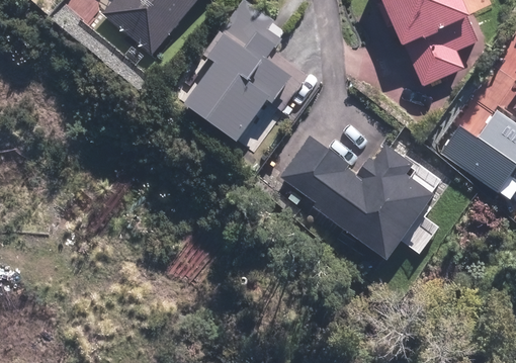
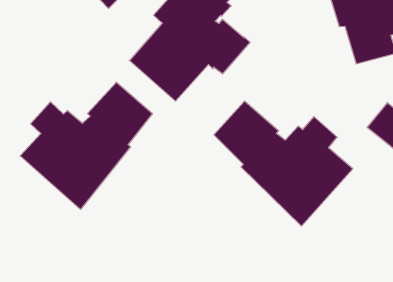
building: none -> [20,82,152,209]

